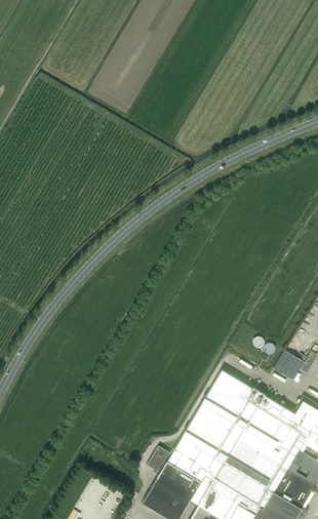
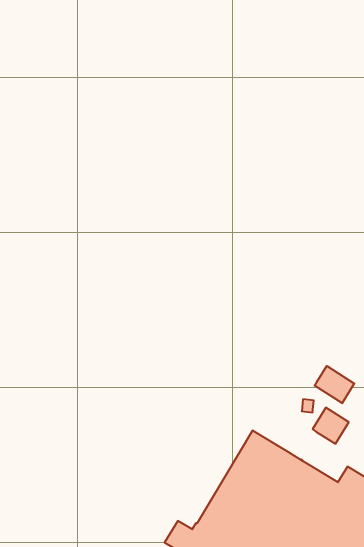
building: none -> [315,366,354,403]

